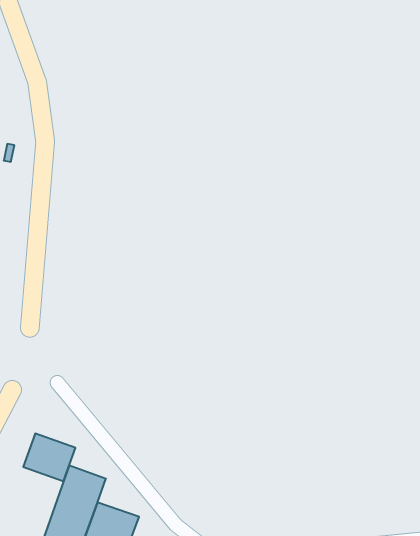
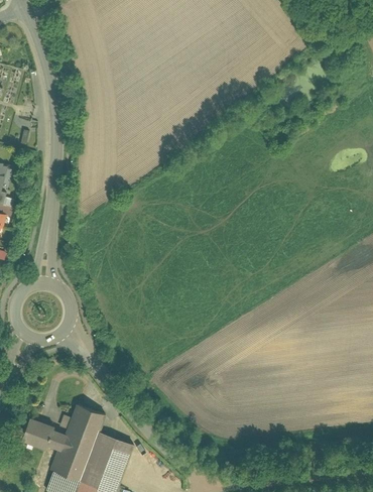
building: [23,434,75,481] -> [21,414,66,455]

